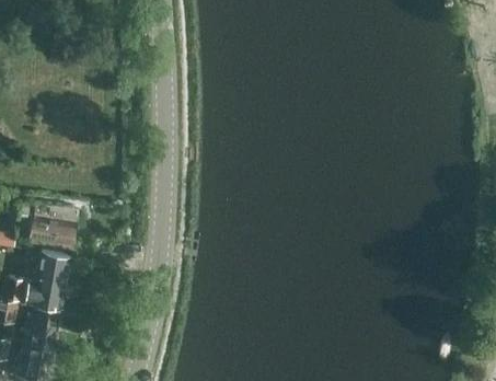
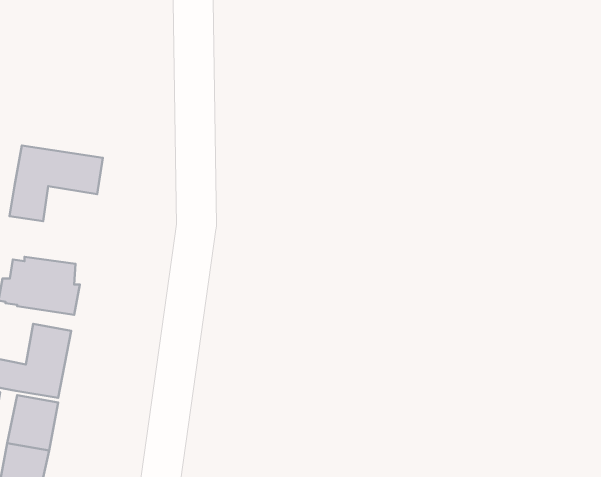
building: none -> [10,146,103,221]

